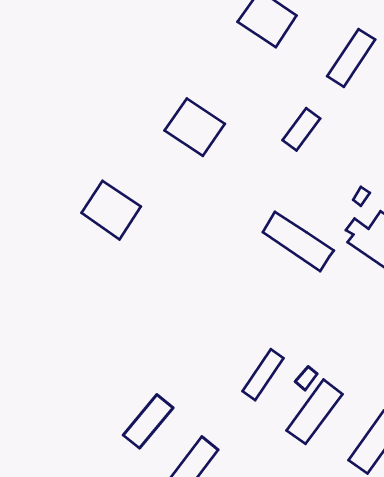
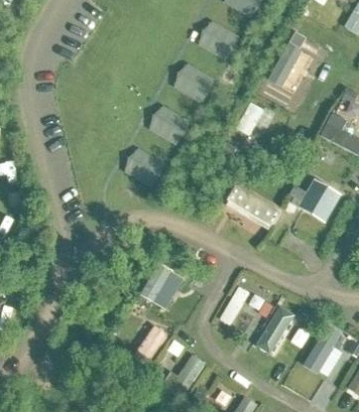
building: none -> [171,60,216,102]
building: [81,181,141,240] -> [122,145,166,188]
building: none -> [138,265,170,304]

